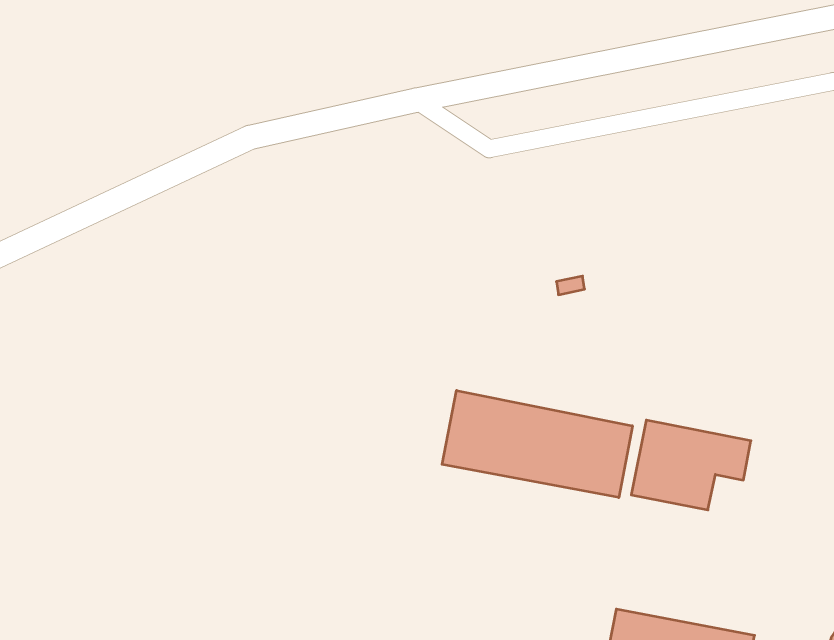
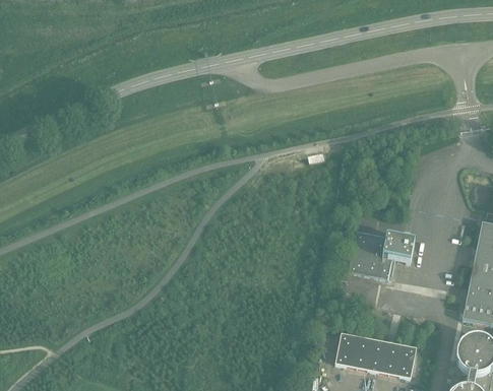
building: [442,390,632,498] -> none

